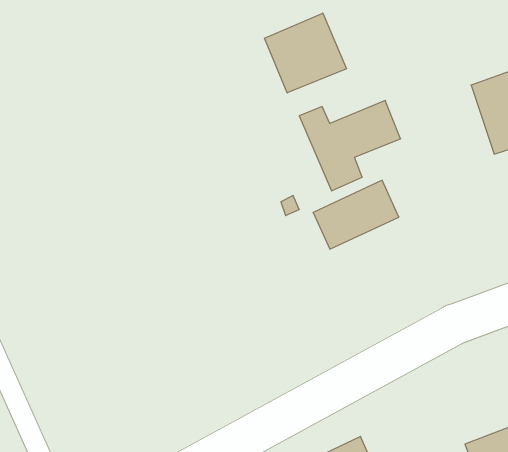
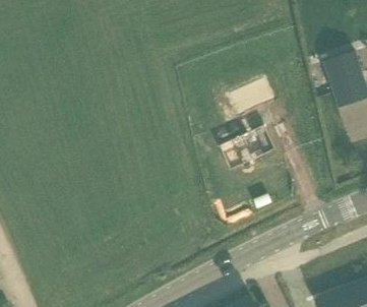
building: [265,13,347,93] -> none

